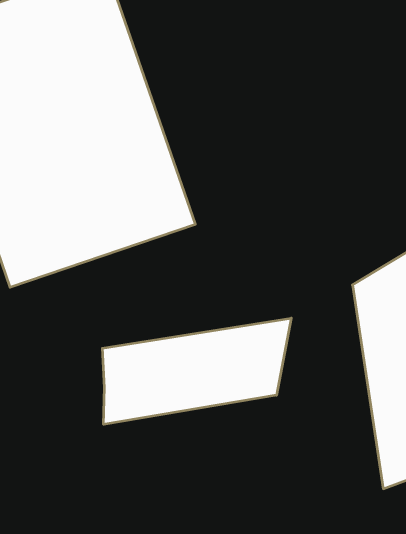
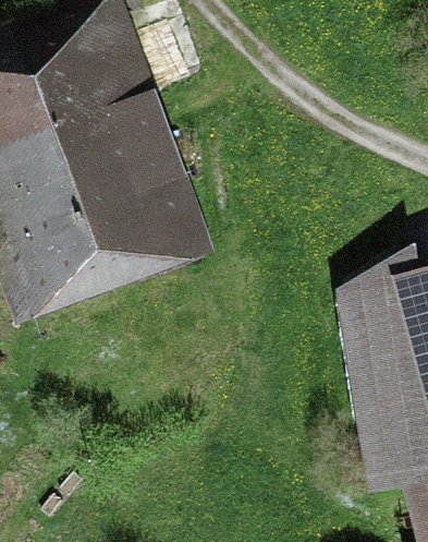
building: [102,318,291,424] -> none

